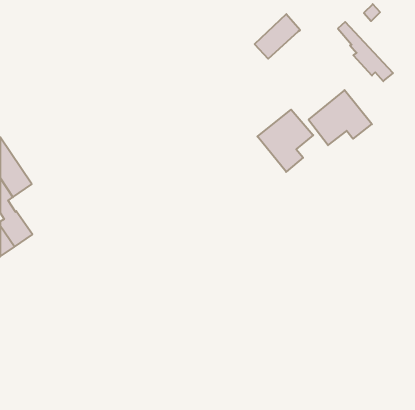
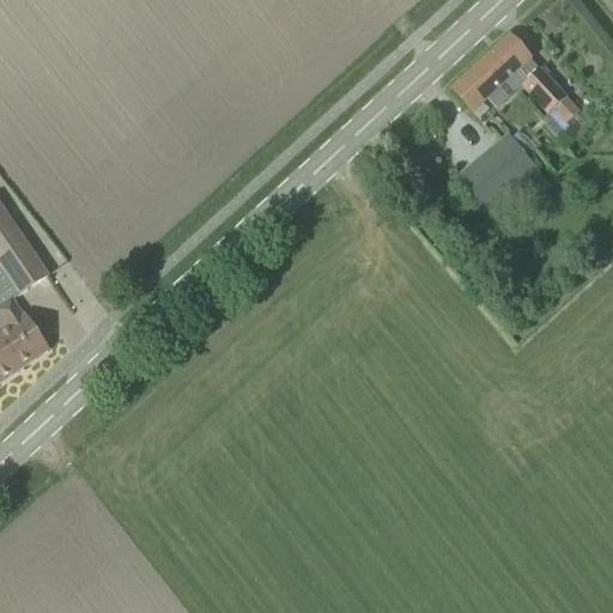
building: [255,14,300,59] -> [451,42,518,108]
building: [257,110,313,172] -> none

